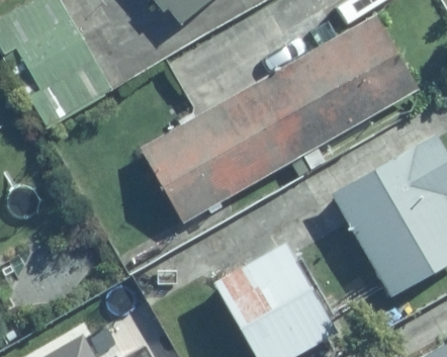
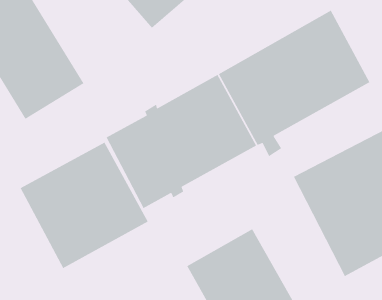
building: none -> [20,141,149,269]

